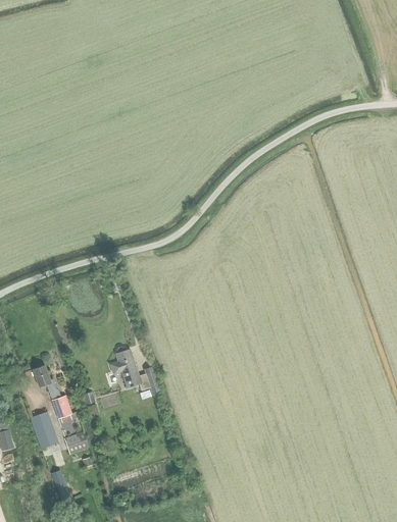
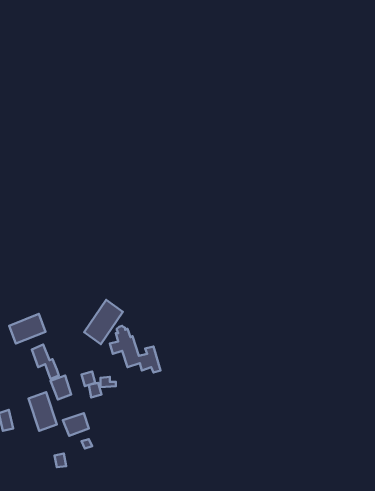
building: none -> [84,300,123,344]
building: none -> [9,314,45,344]

